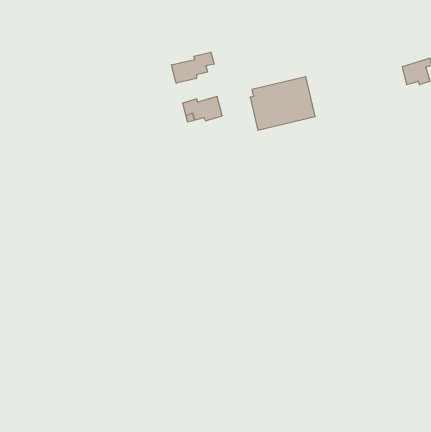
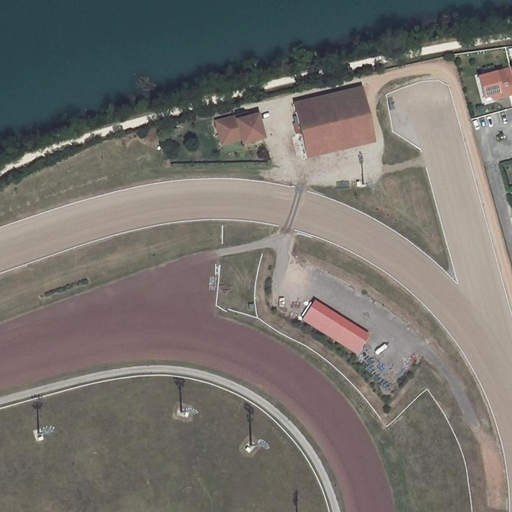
building: [171,52,214,83] -> none
building: none -> [303,298,372,352]

